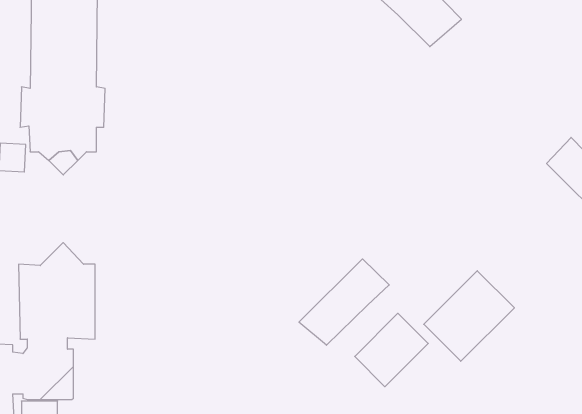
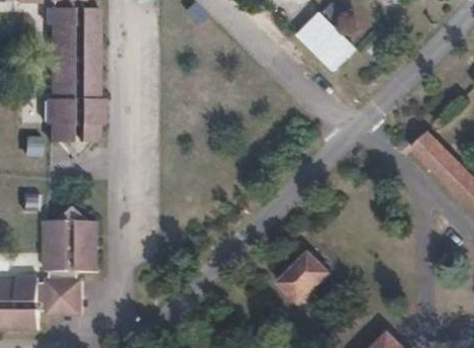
building: [299,259,389,345] -> none
building: [424,271,514,361] -> none

